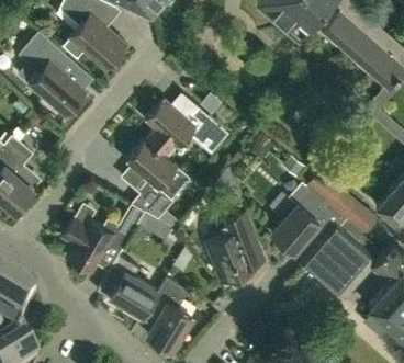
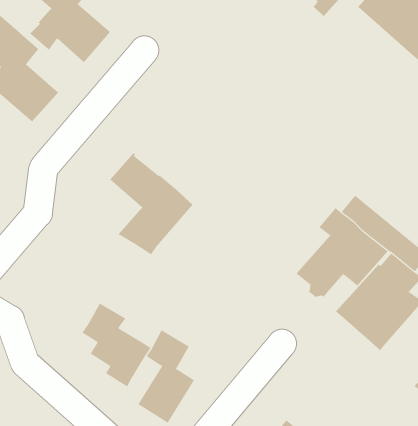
building: [145,99,228,157] -> none
building: [210,200,257,282] -> none
building: [63,203,145,272] -> none

